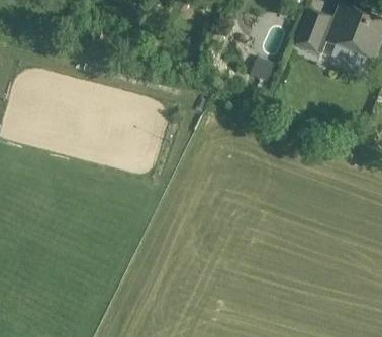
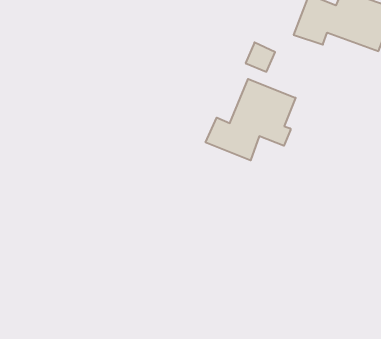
building: none -> [206,79,296,160]

